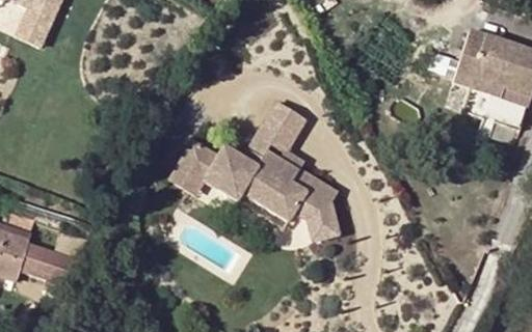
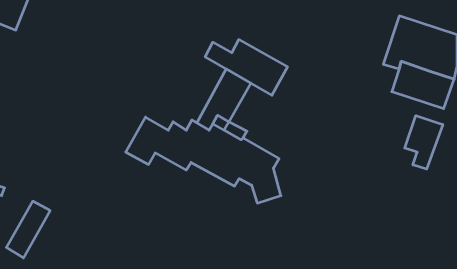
building: none -> [205,40,287,95]
building: none -> [405,116,443,169]

